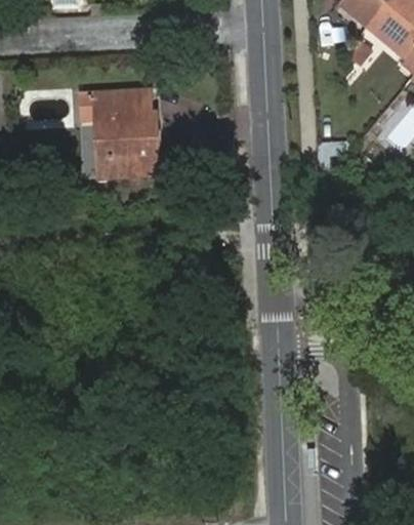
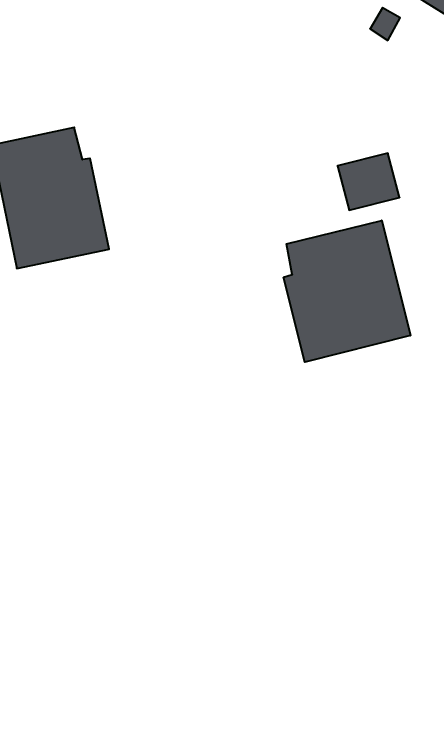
building: none -> [284,220,410,362]

